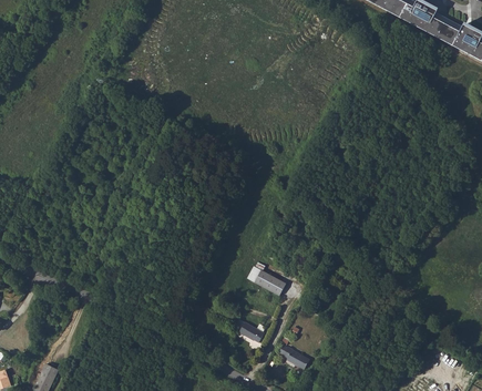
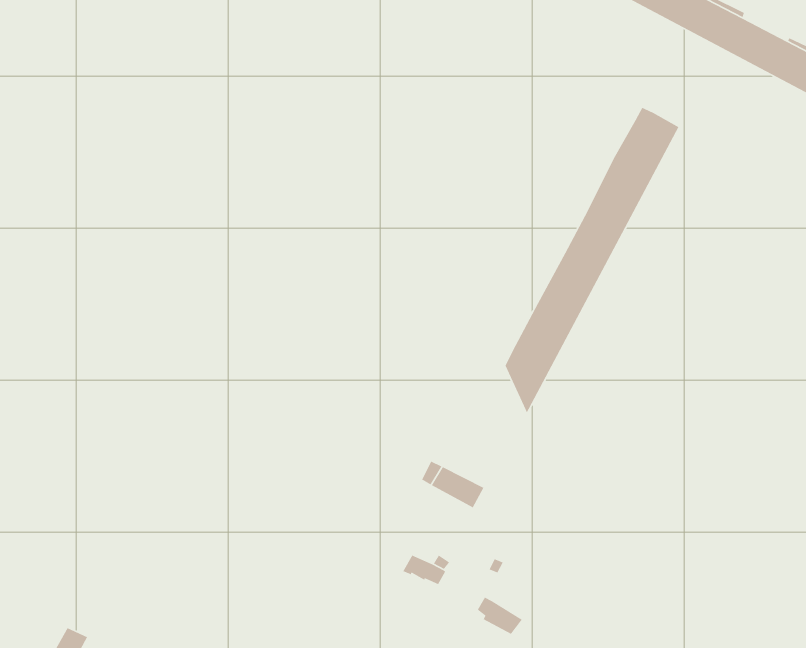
building: none -> [505,107,679,414]

